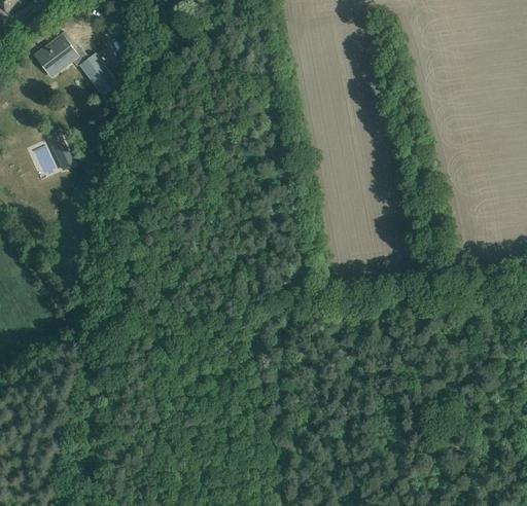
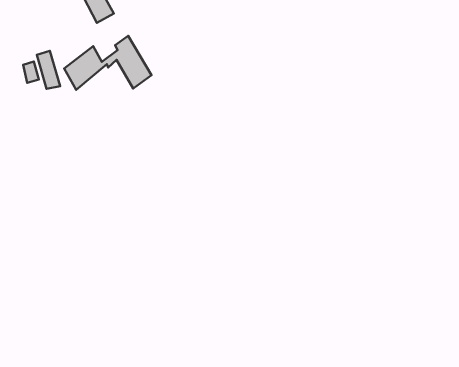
building: none -> [64,36,151,90]

